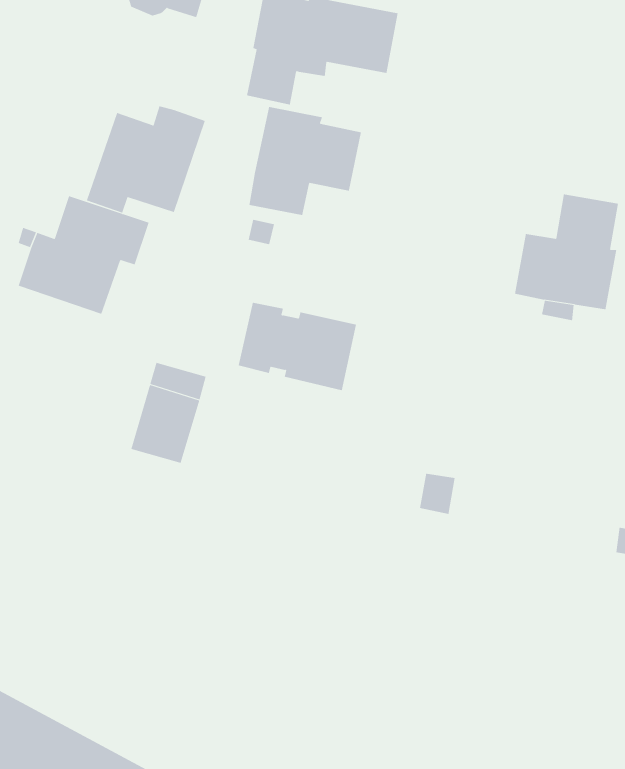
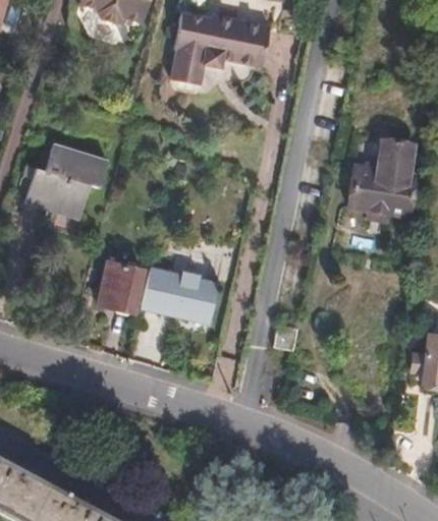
building: [86,106,206,214] -> none
building: [249,106,361,216] -> none
building: [238,302,357,391] -> [143,269,219,326]

